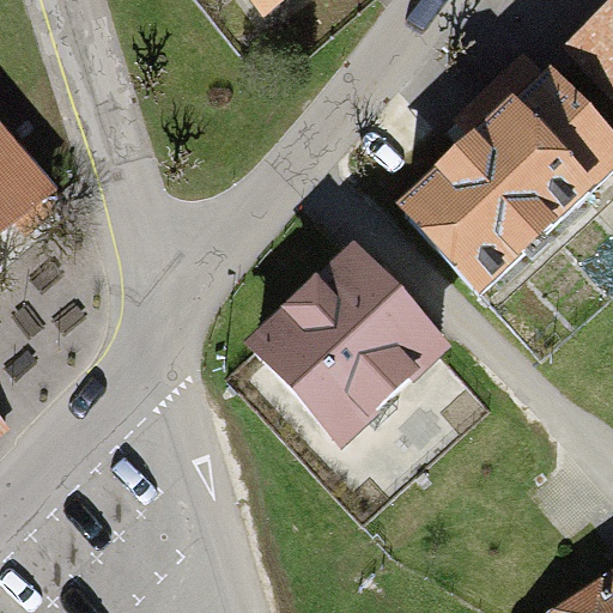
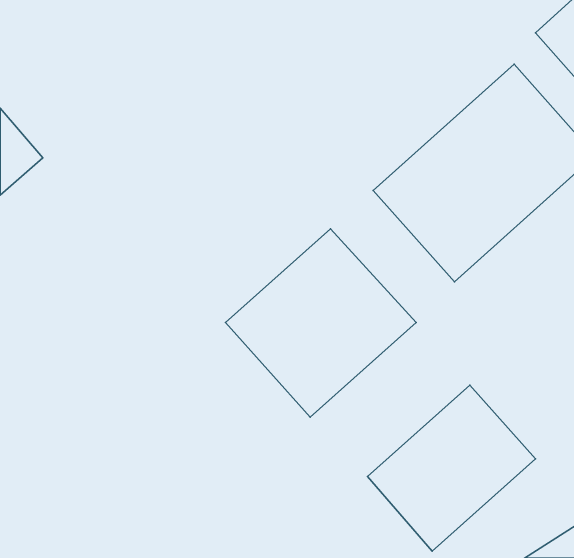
building: none -> [368,385,535,551]

